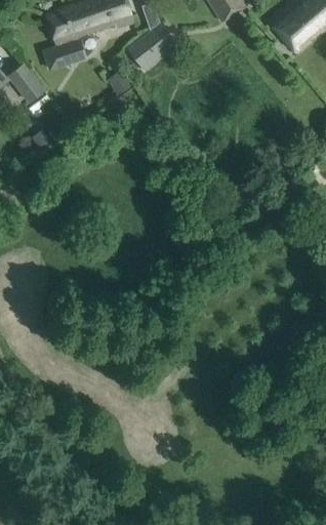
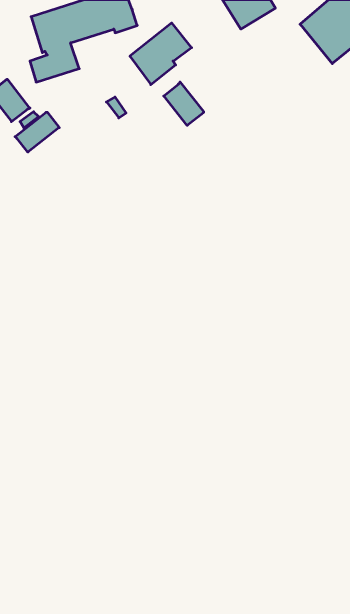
building: none -> [164,82,204,125]
building: none -> [15,112,59,152]

